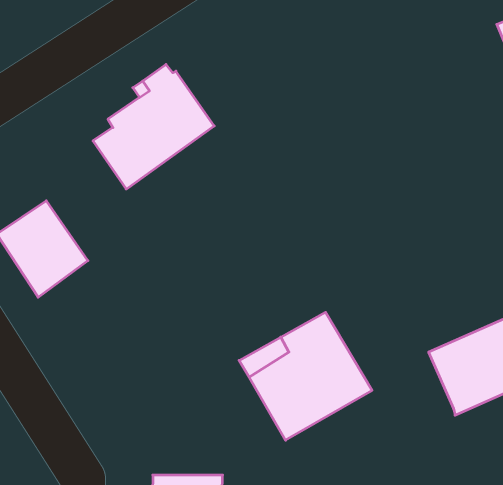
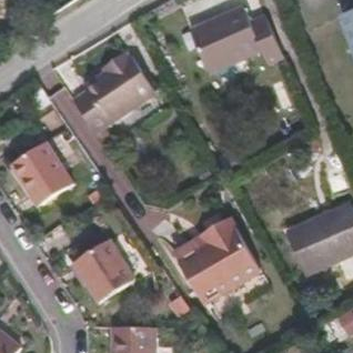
building: none -> [191,10,285,75]
building: none -> [72,234,132,295]

